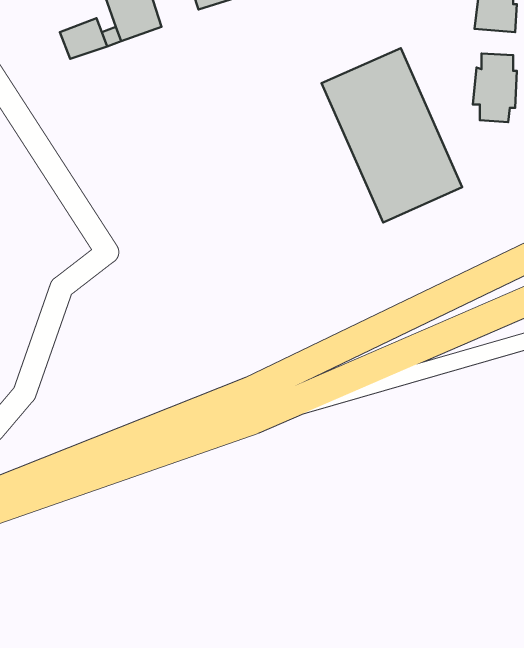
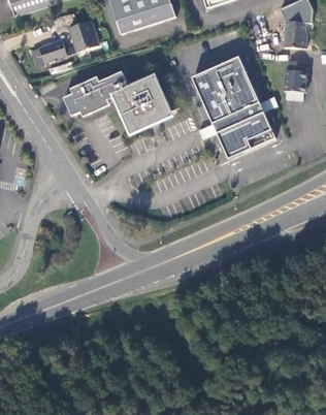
building: none -> [62,70,174,136]

